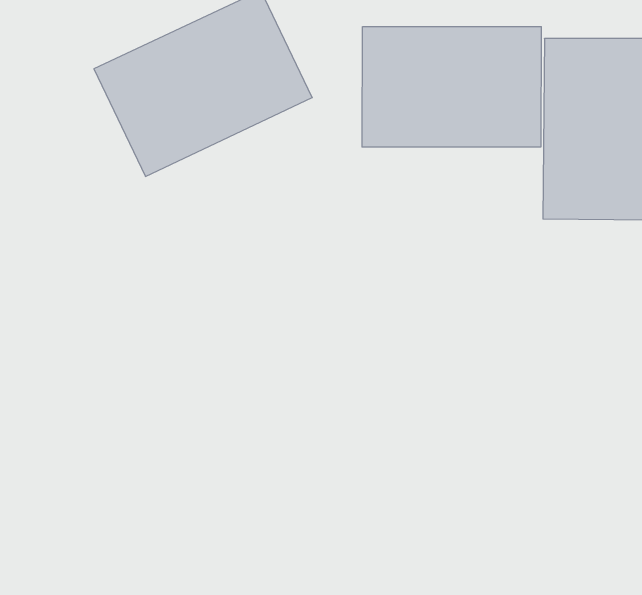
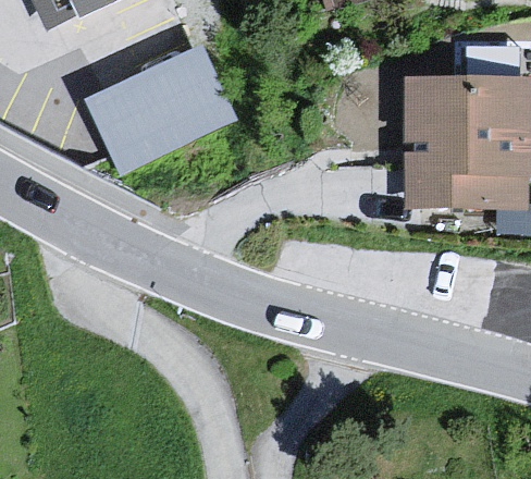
building: [362,27,541,147] -> none

